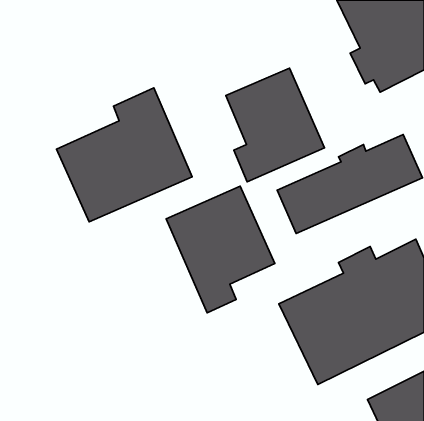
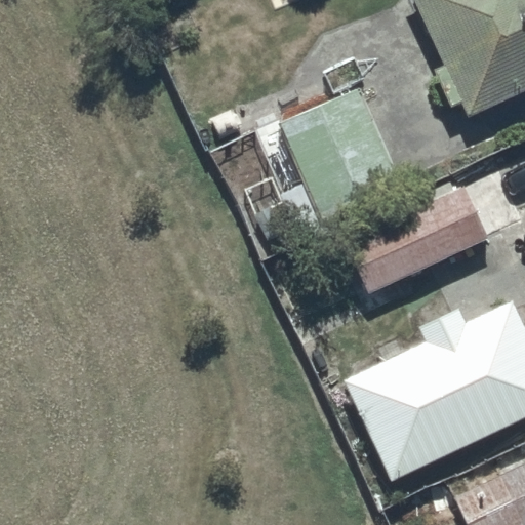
building: [56,88,192,222] -> none
building: [166,186,275,313] -> none

